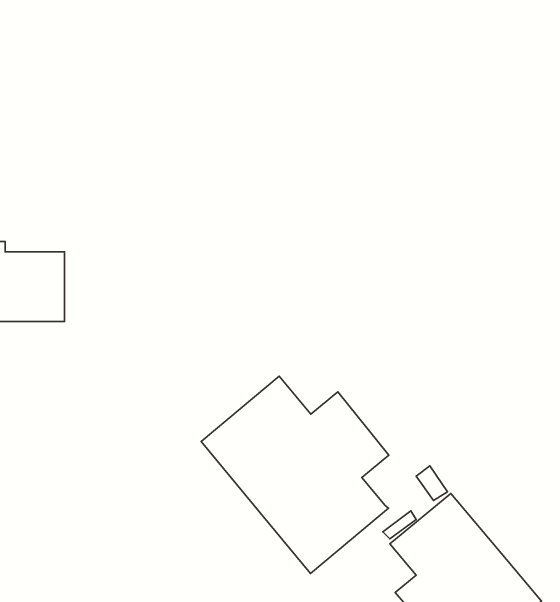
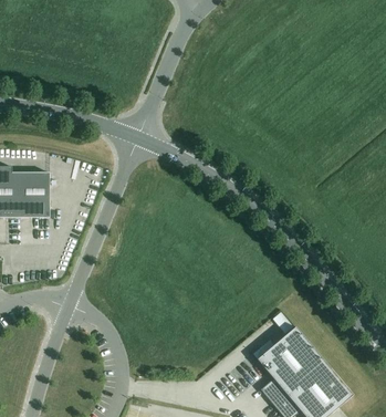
building: [201,376,389,573] -> none

